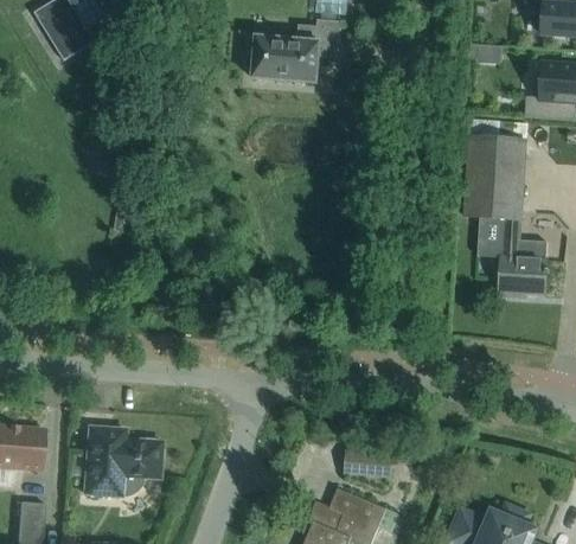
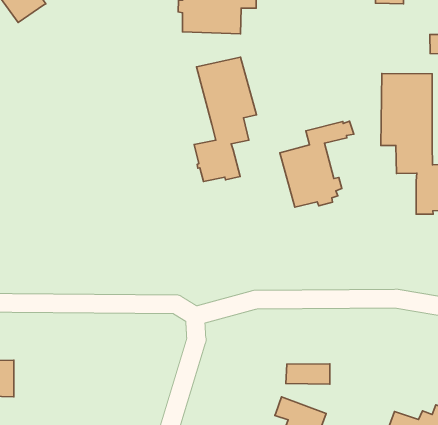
building: none -> [194,57,256,182]
building: none -> [280,121,354,207]
building: [83,427,161,495] -> none

